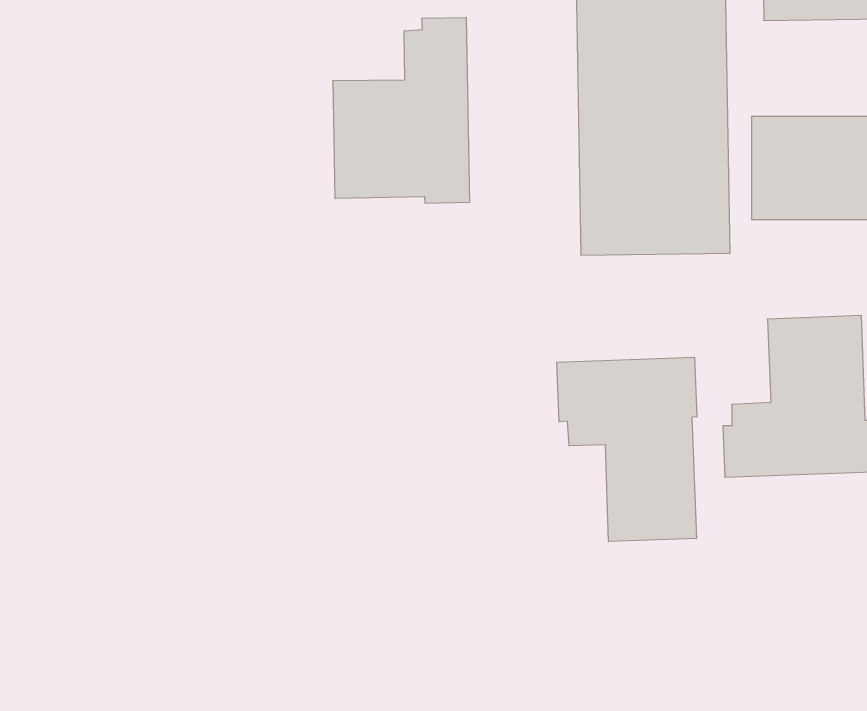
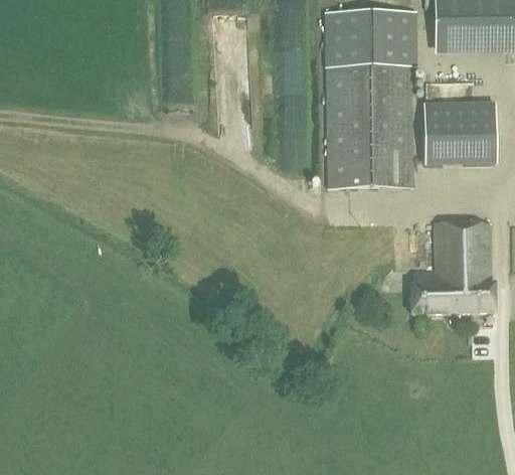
building: [333,17,469,203] -> none
building: [557,357,697,542] -> none

